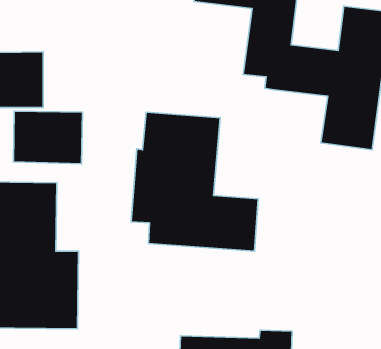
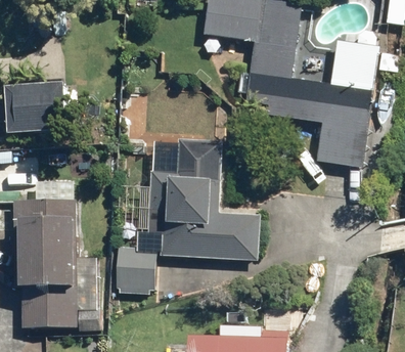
building: [13,111,82,164] -> none
building: none -> [116,245,156,293]

